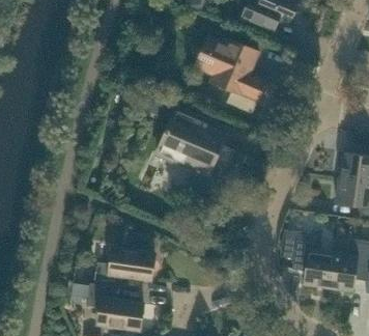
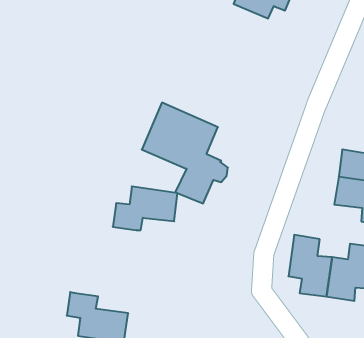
building: [200,38,264,113] -> none
building: [94,248,154,288] -> [113,186,178,230]

